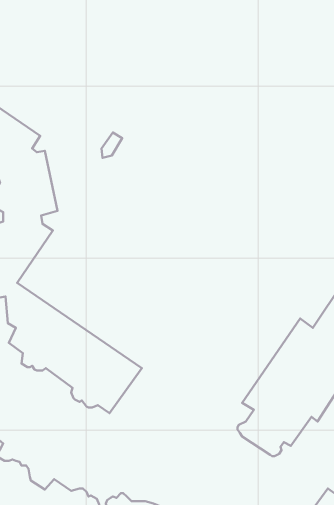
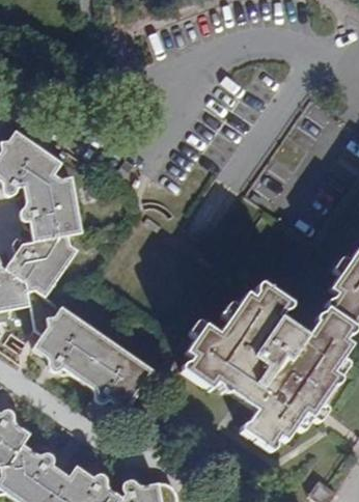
building: none -> [181,281,296,400]

